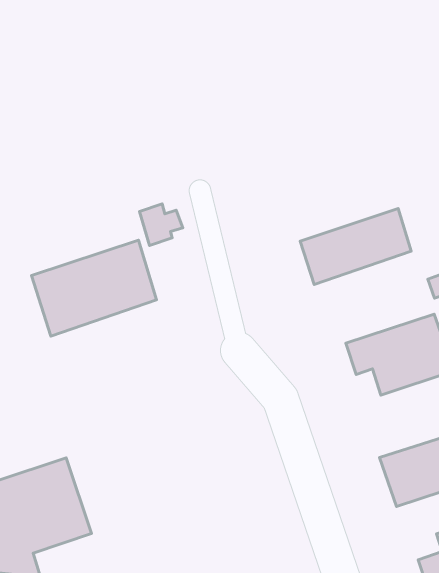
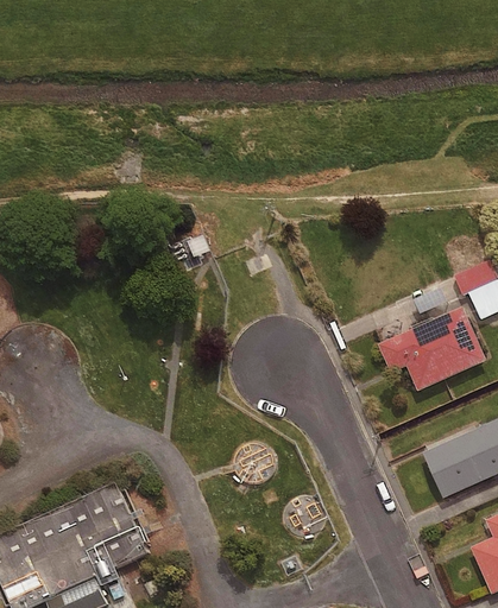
building: [300,209,411,285] -> none
building: [31,240,157,336] -> none

